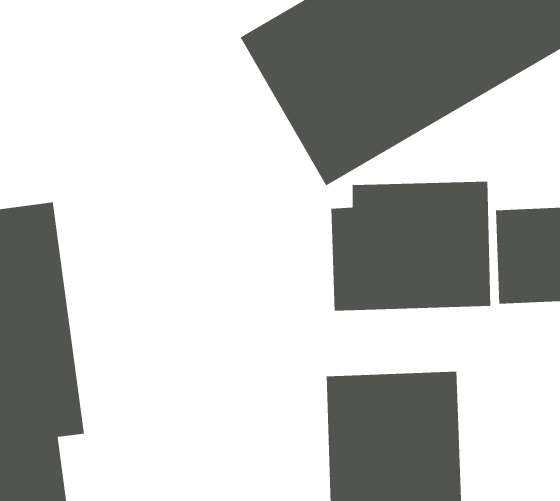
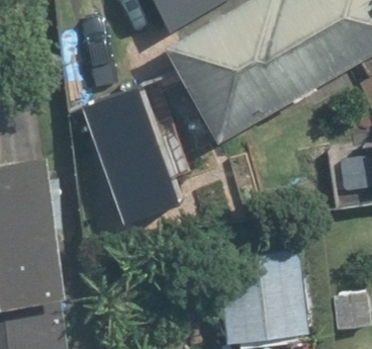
building: none -> [89,104,193,203]
building: [330,181,491,311] -> none

